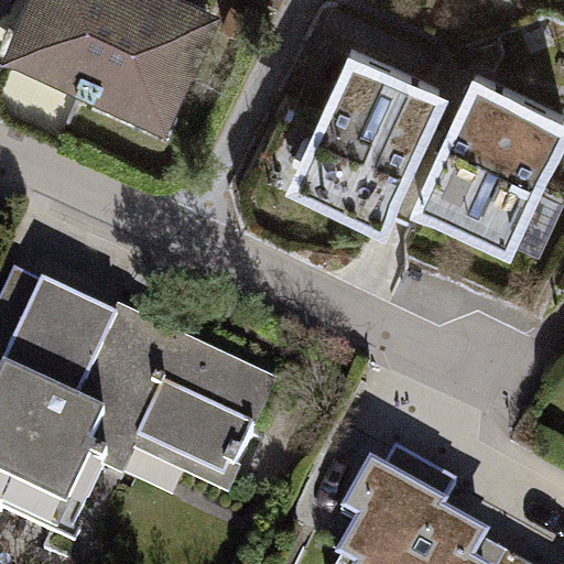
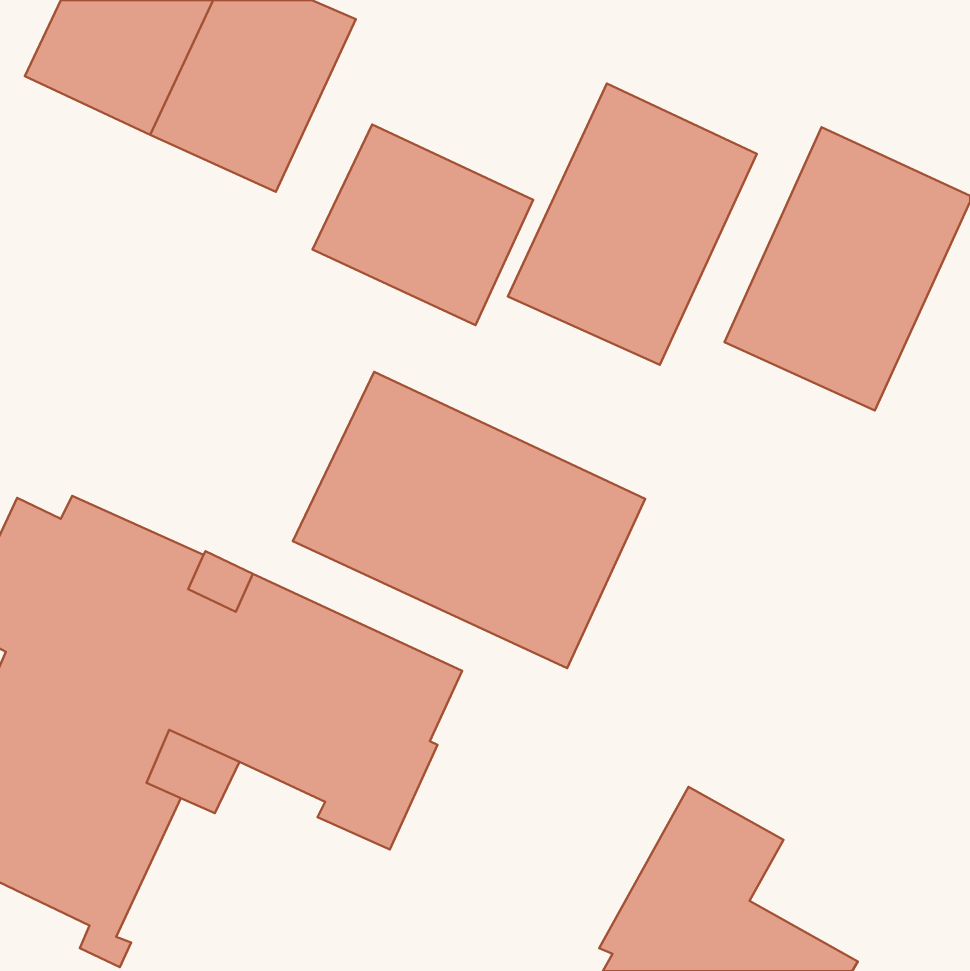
building: none -> [312,124,533,325]
building: none -> [293,372,645,668]

